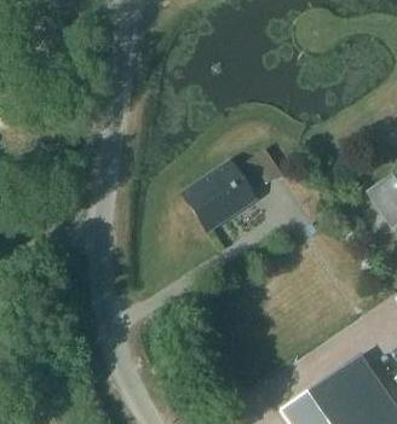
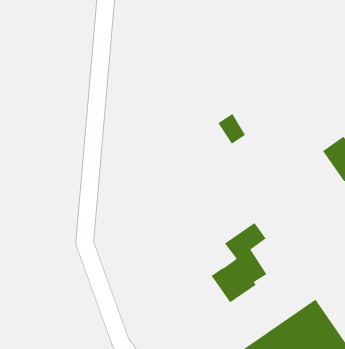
building: [182,159,252,226] -> none
building: none -> [211,222,267,303]

